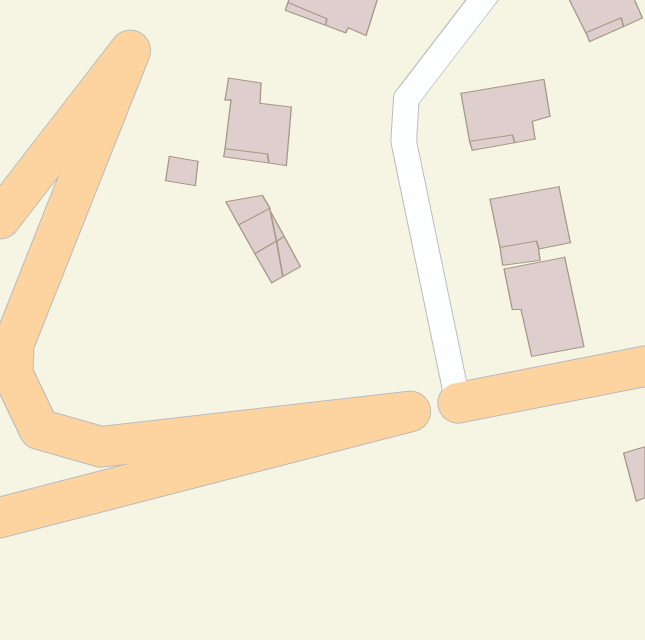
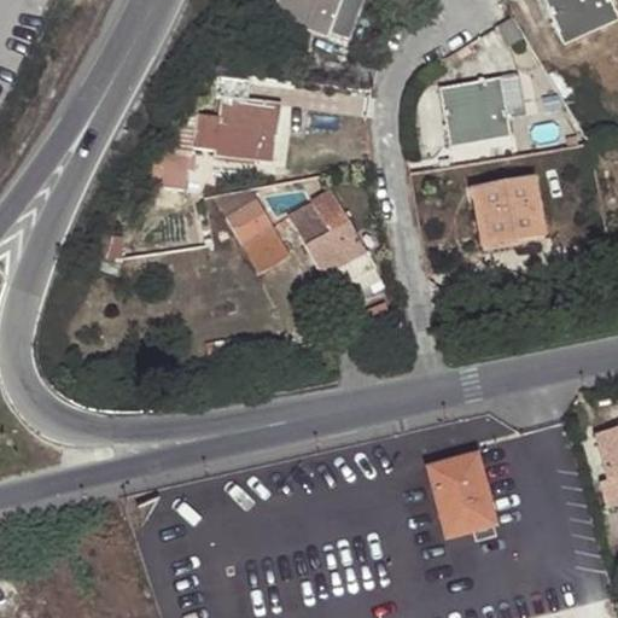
building: none -> [290,191,377,290]
building: [504,257,584,356] -> none
building: none -> [420,454,496,537]

